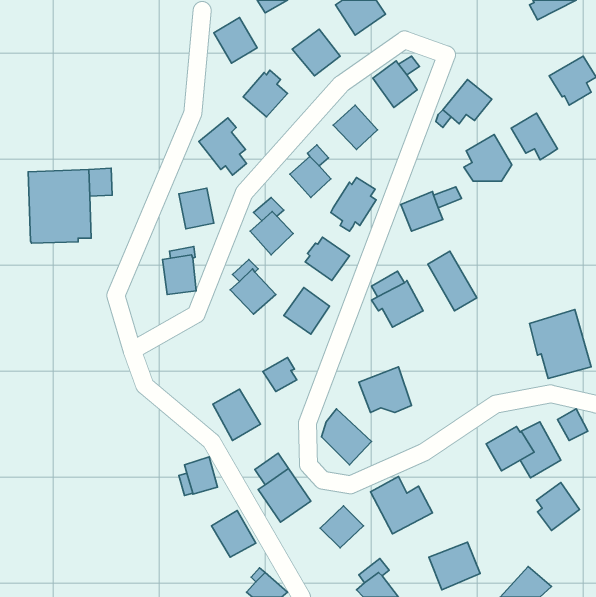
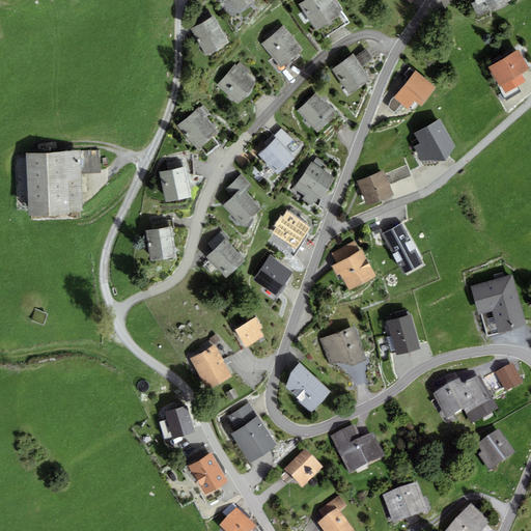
building: [511,113,557,160] -> none
building: none -> [386,314,420,356]

